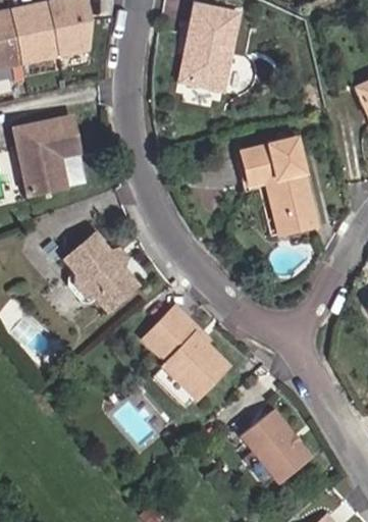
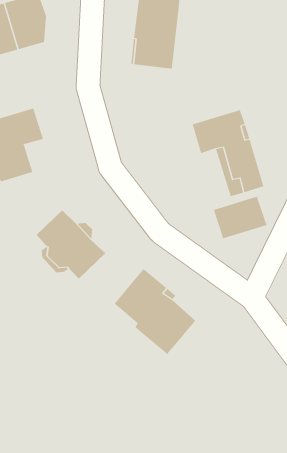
building: none -> [213,196,267,239]
building: [240,408,310,481] -> none

